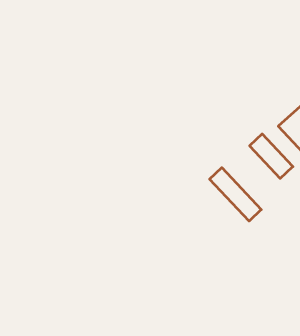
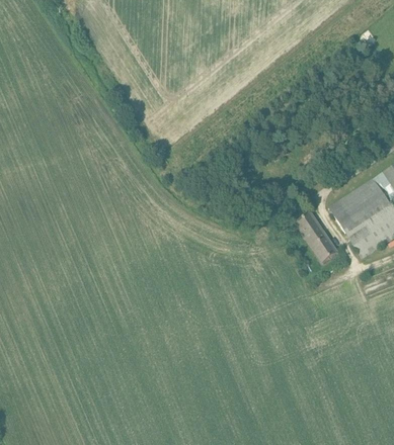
building: [210,168,261,221] -> none

